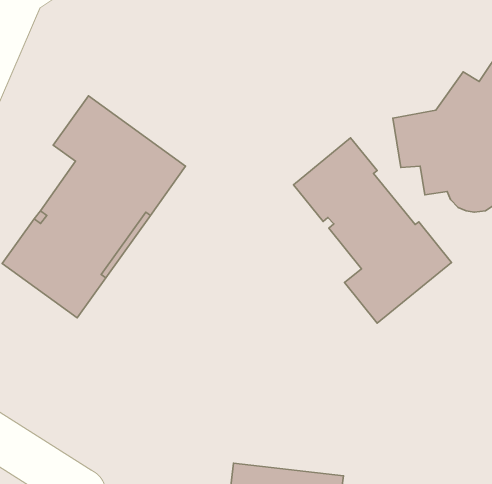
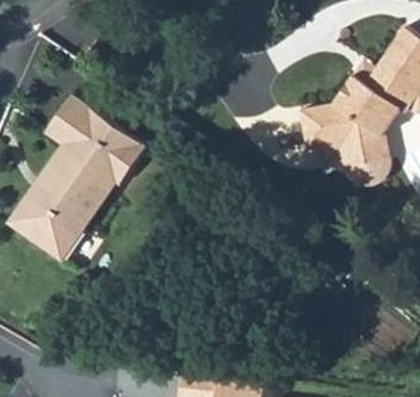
building: [293,138,451,323] -> none

